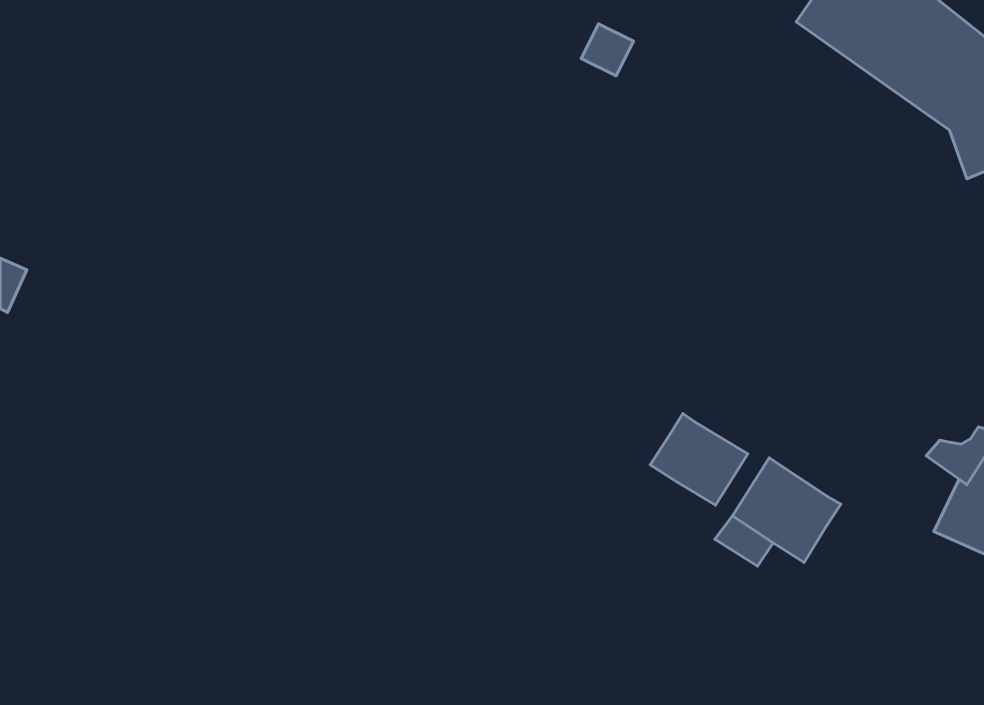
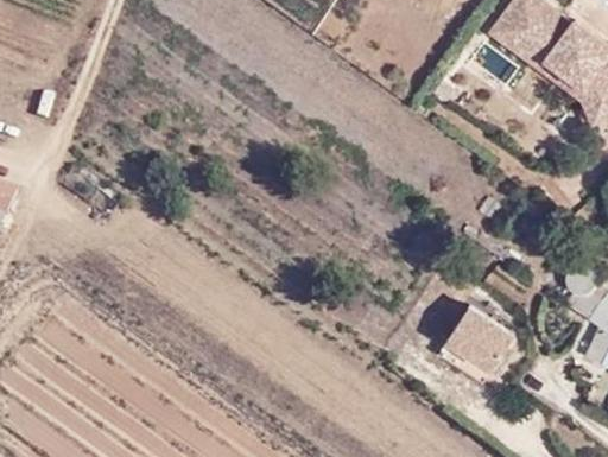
building: [650,413,748,505] -> none

